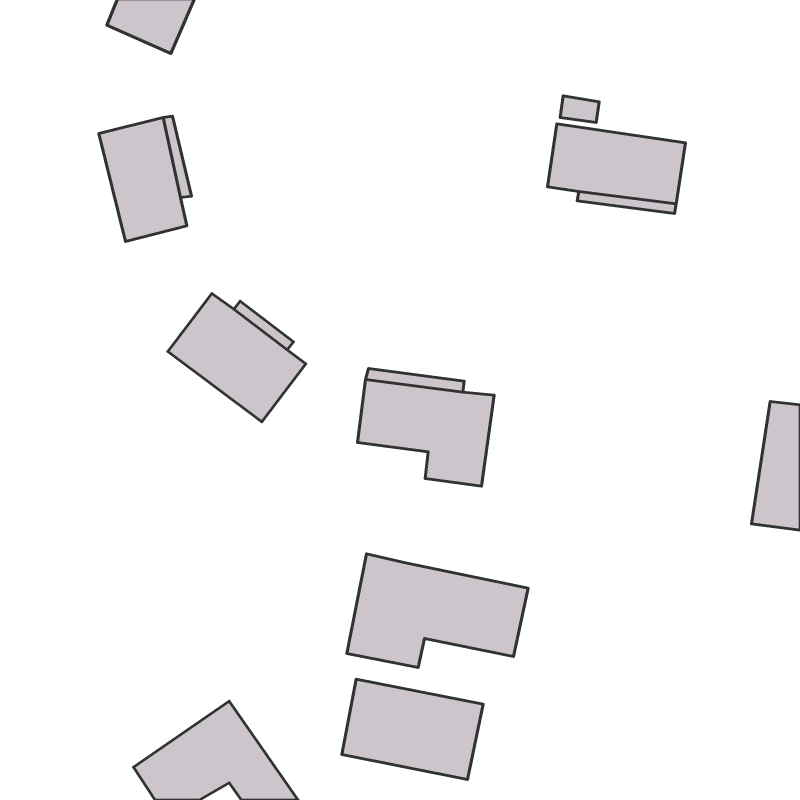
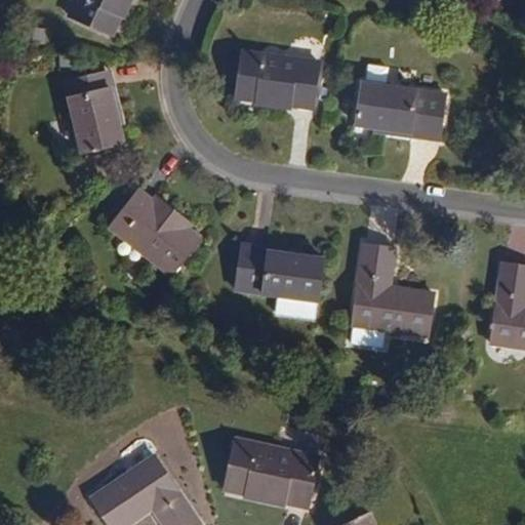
building: none -> [237,49,320,104]
building: none -> [350,243,432,345]
building: [347,554,528,668] -> none

